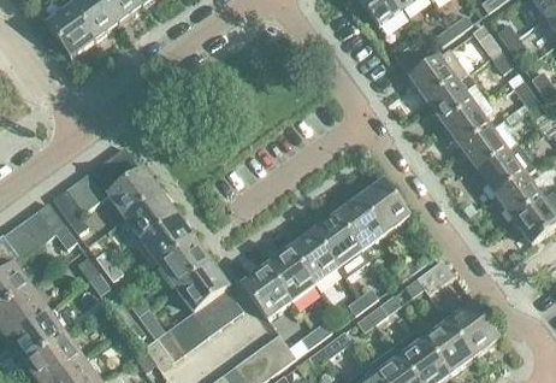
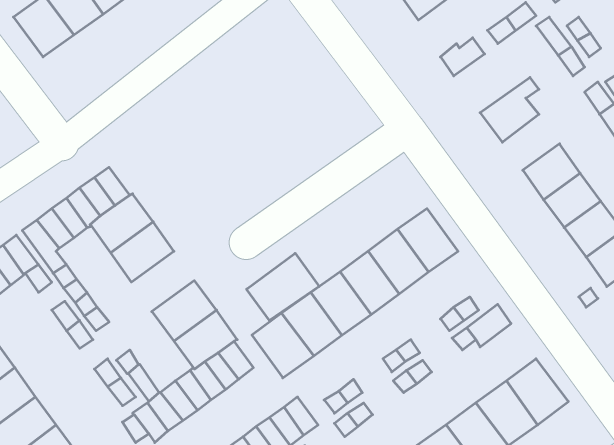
building: [410,47,468,101] -> none
building: [445,102,492,148] -> none
building: [142,214,194,264] -> none
building: none -> [247,253,319,320]

